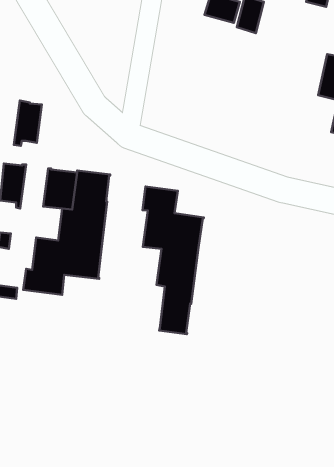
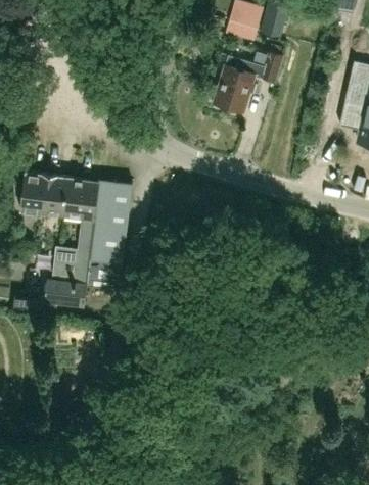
building: none -> [206,53,282,113]
building: [14,101,42,146] -> [40,174,68,220]
building: [143,186,204,334] -> none

